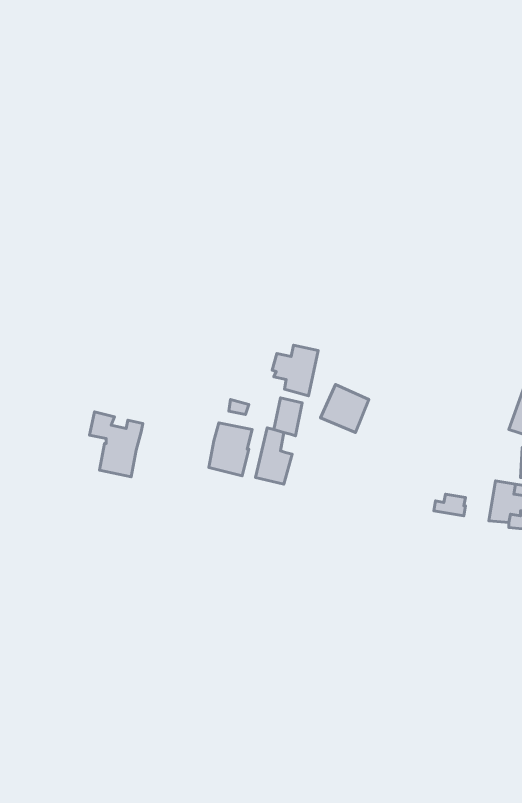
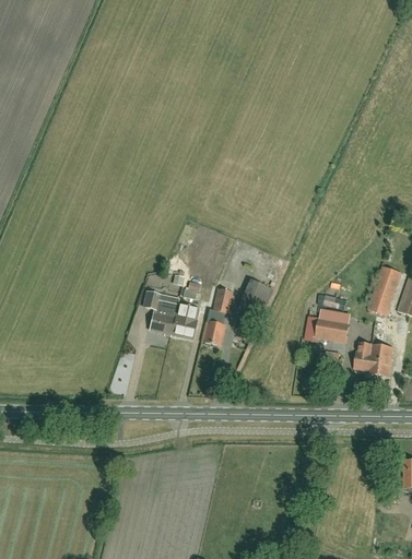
building: [272,345,318,396] -> none
building: [90,412,143,477] -> [143,290,178,333]
building: none -> [316,318,349,341]

